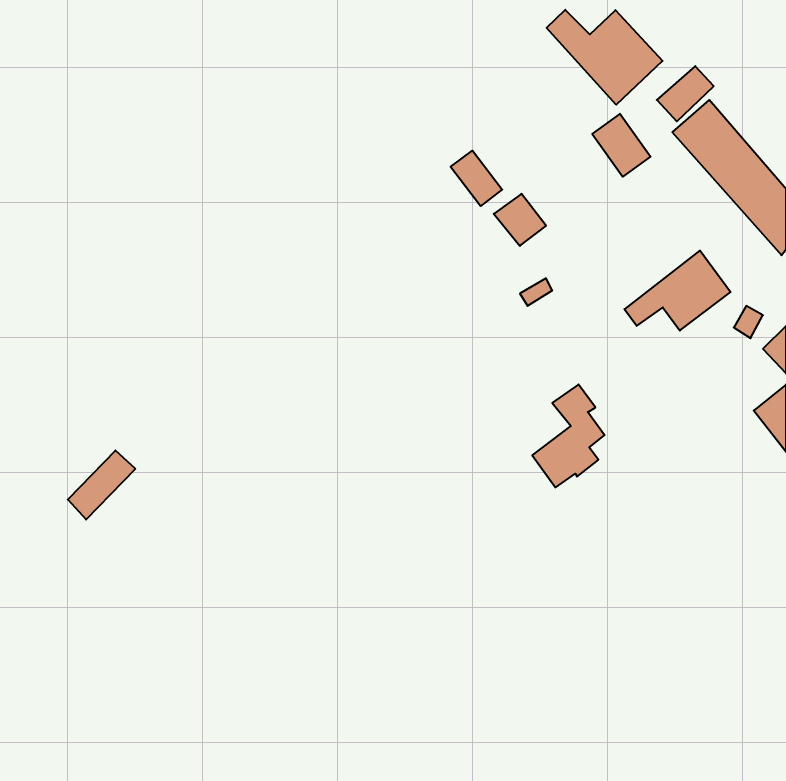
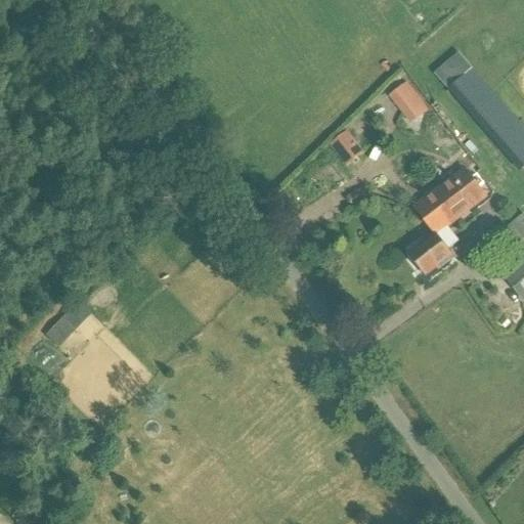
building: [547,10,663,105] -> none
building: [451,151,502,206] -> none
building: [532,384,605,487] -> [410,205,458,273]

